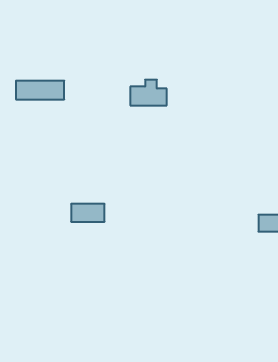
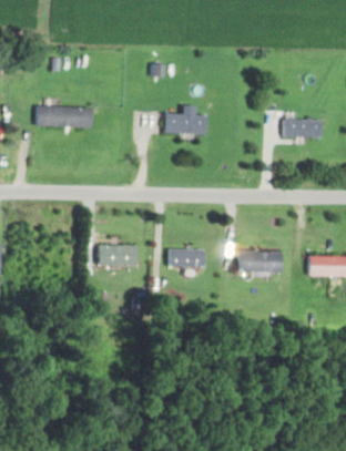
building: none -> [284,121,322,137]
building: none -> [170,250,204,266]
building: none -> [237,252,282,273]

